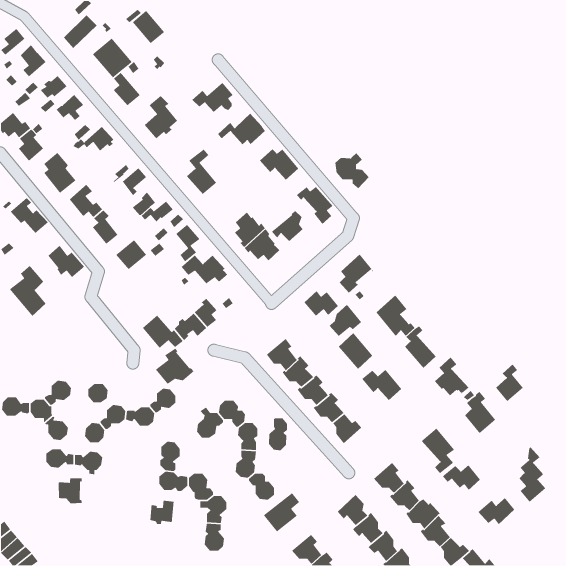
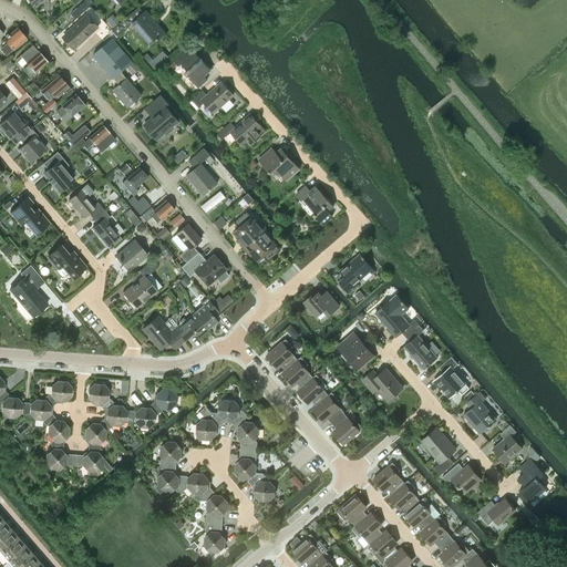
building: none -> [168,49,212,87]
building: [335,152,369,189] -> none
building: [271,210,304,242] -> none
building: none -> [123,259,157,307]
building: [329,304,362,337] -> none
building: [155,348,195,385] -> none
building: [495,363,524,402] -> [493,424,522,463]
building: [268,417,288,451] -> none
building: [58,477,83,504] -> none
building: [263,492,300,532] -> none
building: [149,500,175,525] -> none

